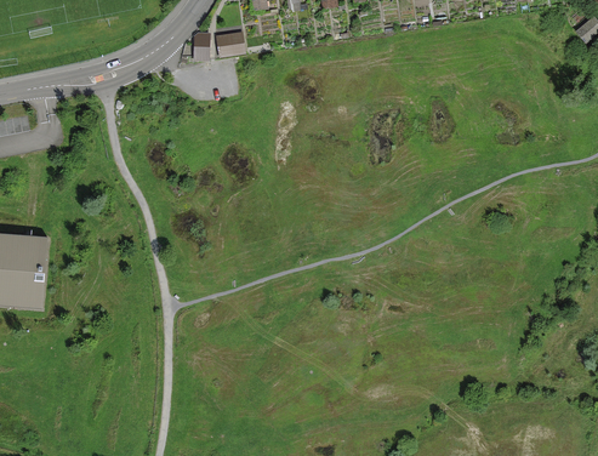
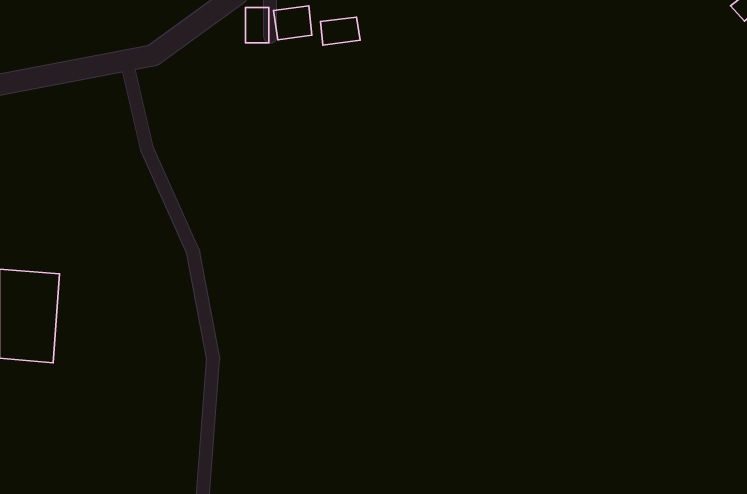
building: none -> [320,17,360,45]

